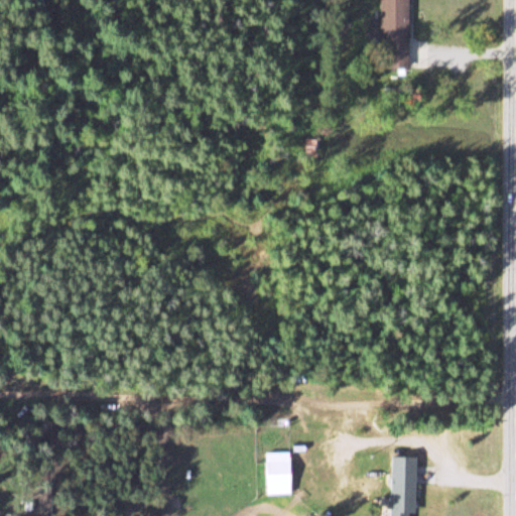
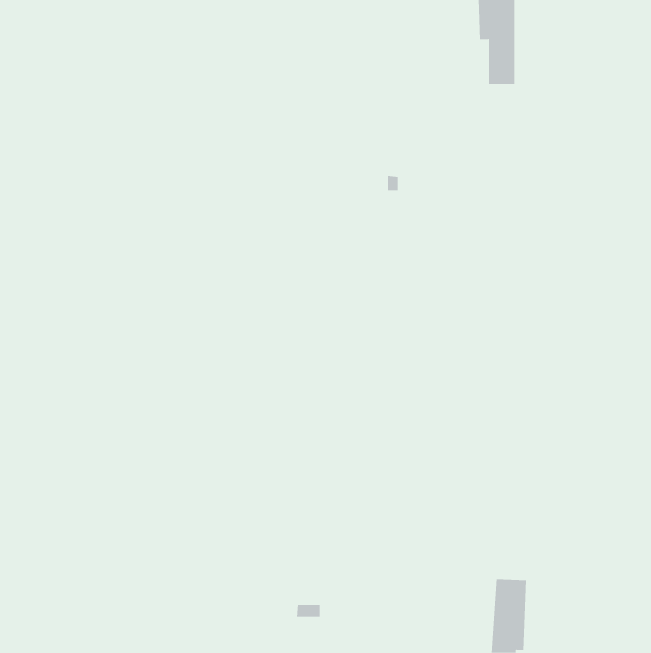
building: [266,461,291,486] -> none

